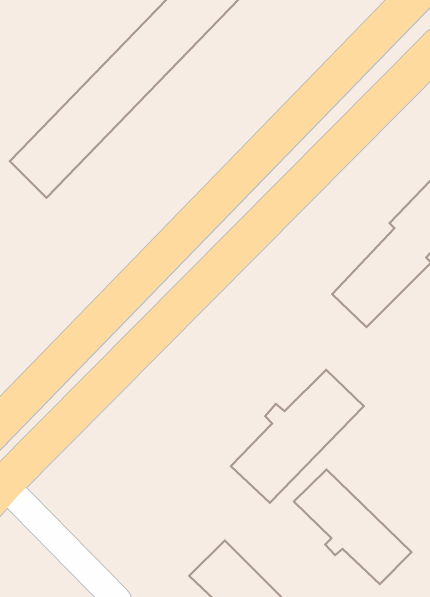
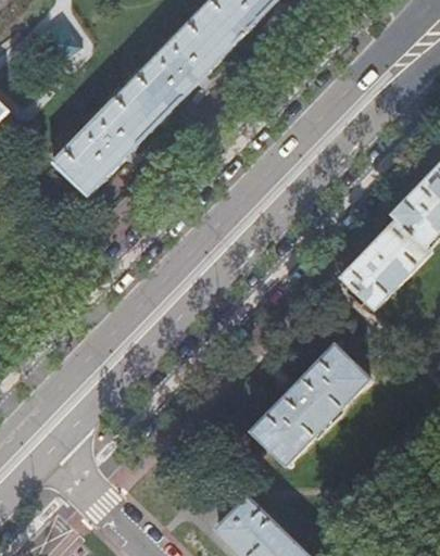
building: [294,470,411,584] -> none

